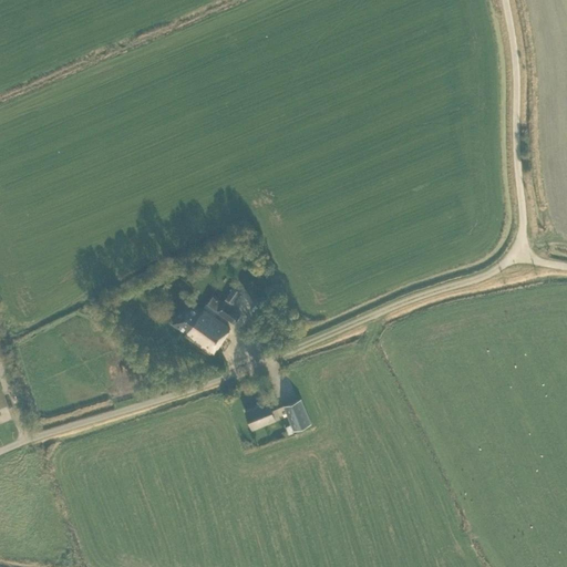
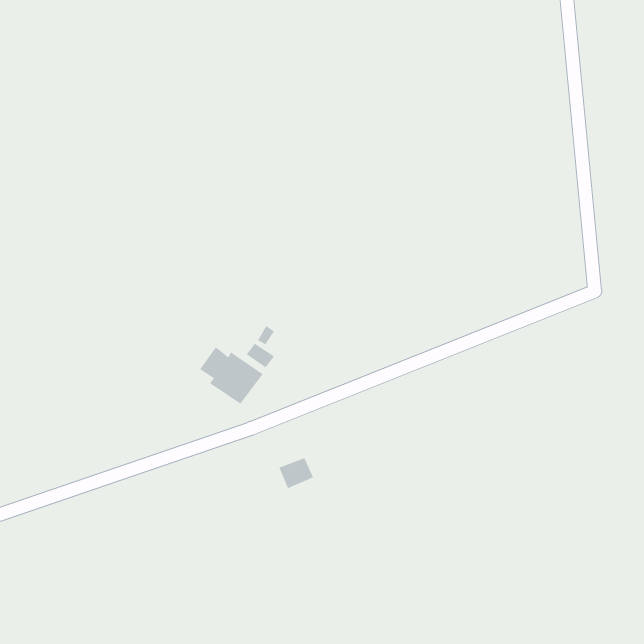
building: [284,399,311,431] -> none

